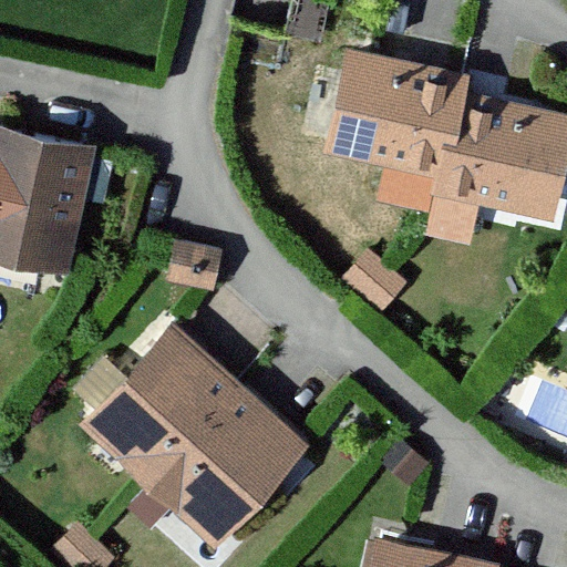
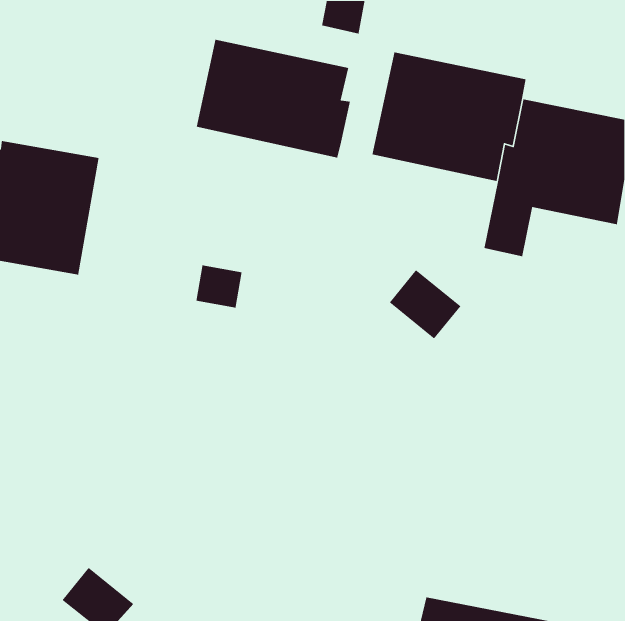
building: none -> [196,39,351,159]
building: [96,331,300,530] -> none

